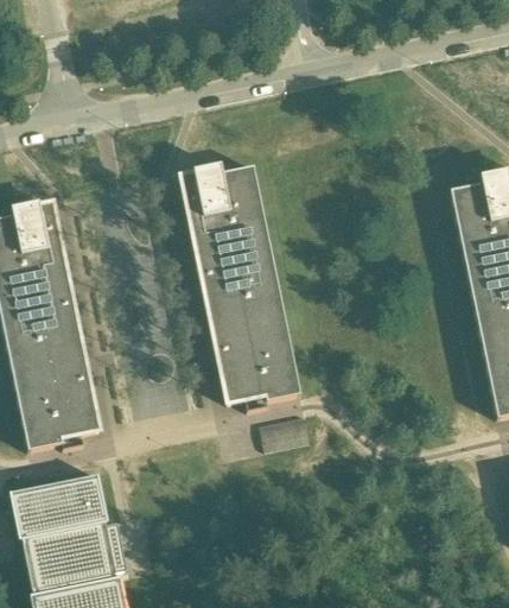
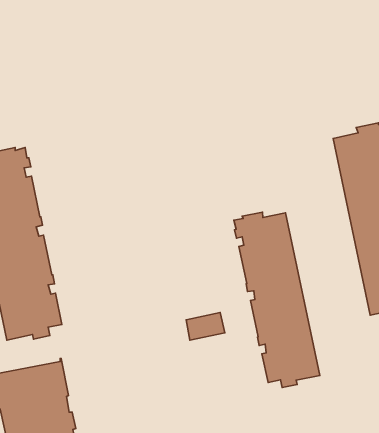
building: [179,162,299,408] -> none
building: none -> [234,212,320,387]

